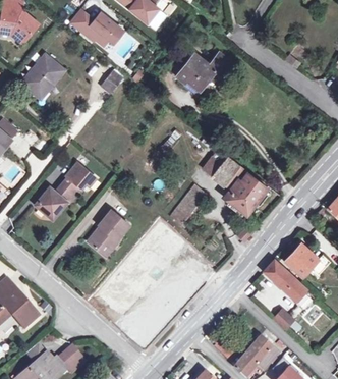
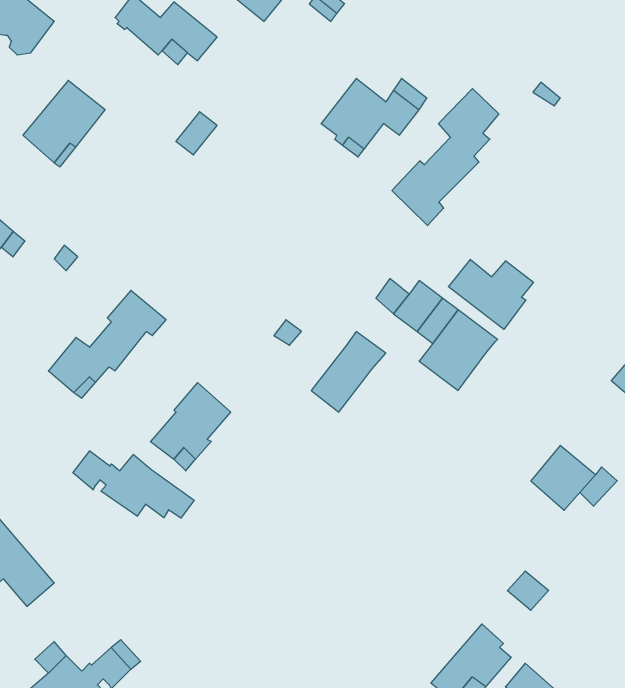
building: none -> [392,89,499,226]
building: none -> [448,259,533,329]
building: none -> [73,451,194,518]
building: [264,260,305,301] -> none

